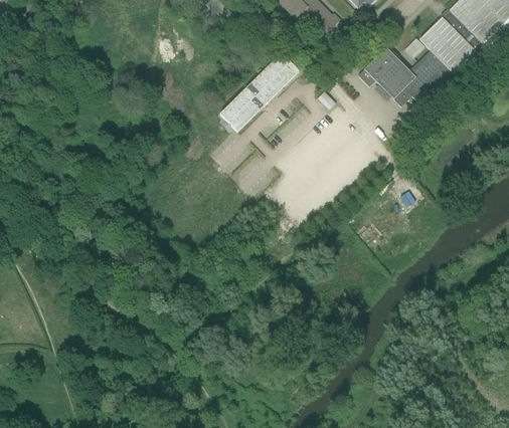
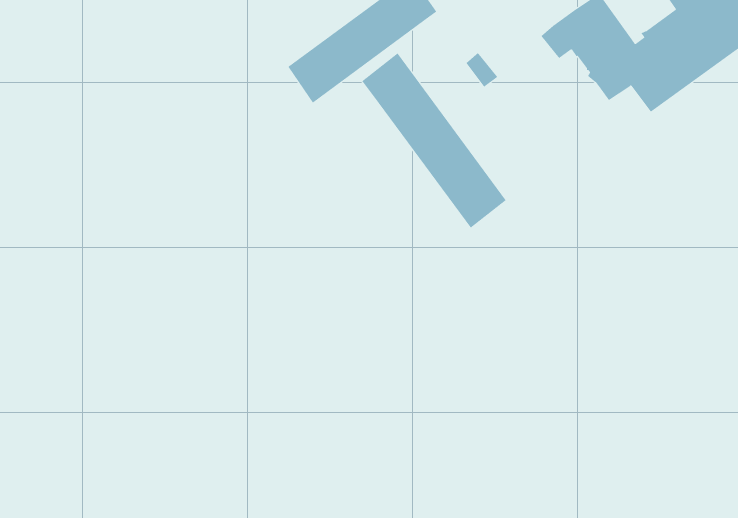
building: none -> [362,53,506,229]

